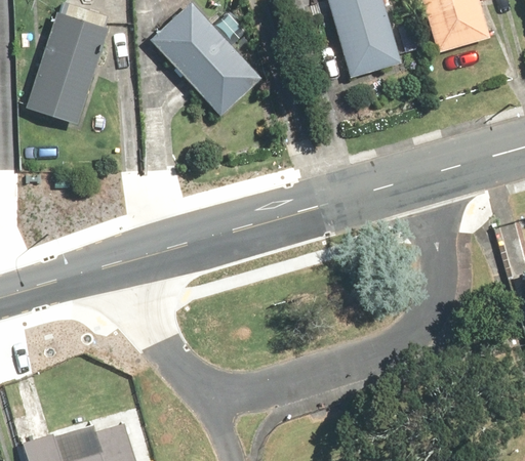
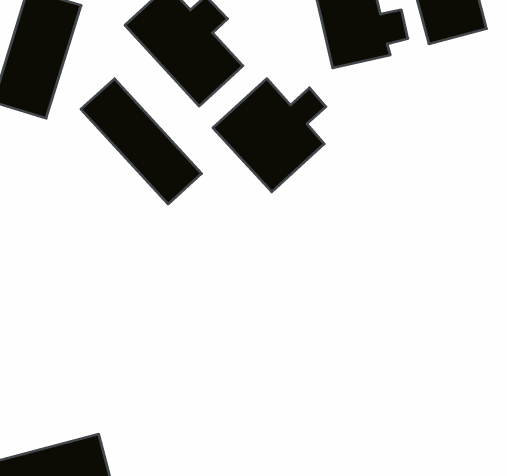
building: none -> [213,79,326,192]
building: none -> [81,79,202,204]

